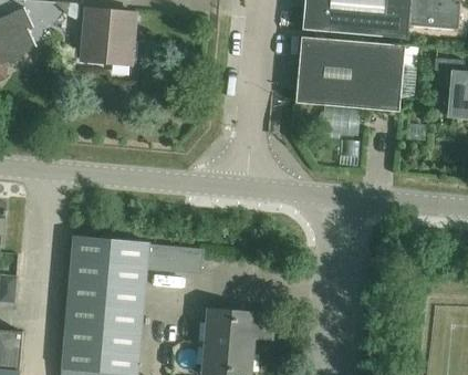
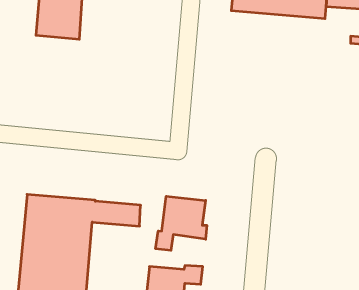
building: [295,37,404,113] -> none
building: none -> [156,196,207,250]

